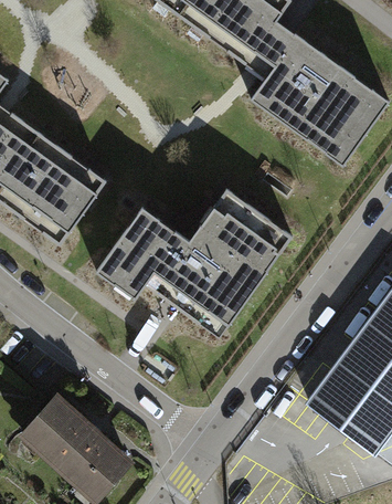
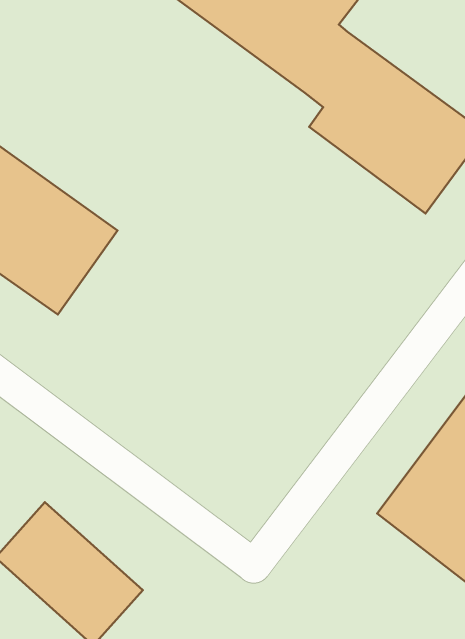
building: [100,188,295,328] -> none

